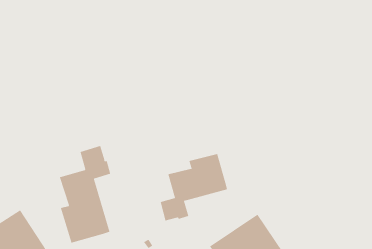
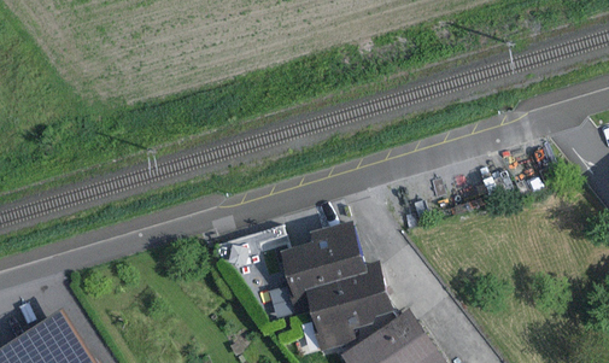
building: [59,145,111,244] -> none
building: none -> [301,263,390,355]

